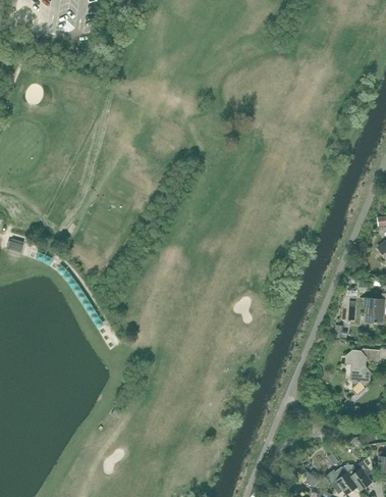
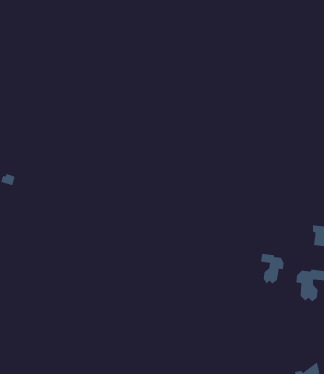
building: none -> [261,253,284,285]

